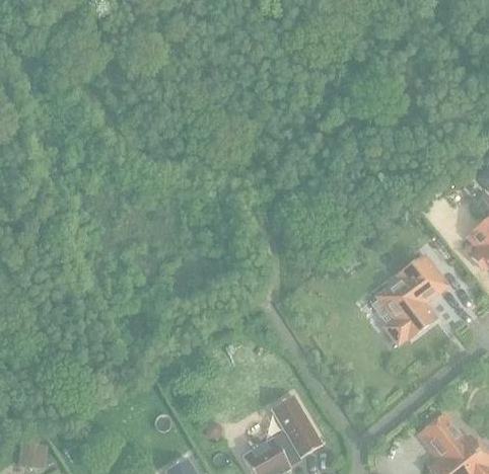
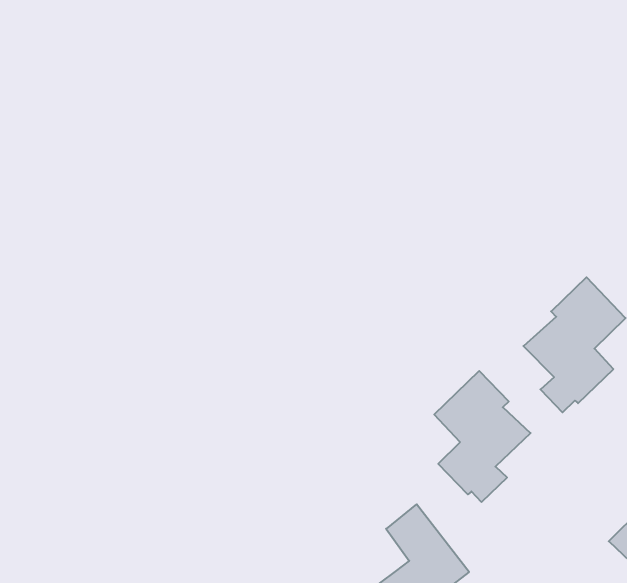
building: none -> [434,371,531,502]

